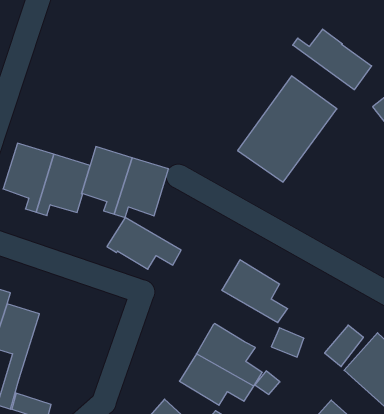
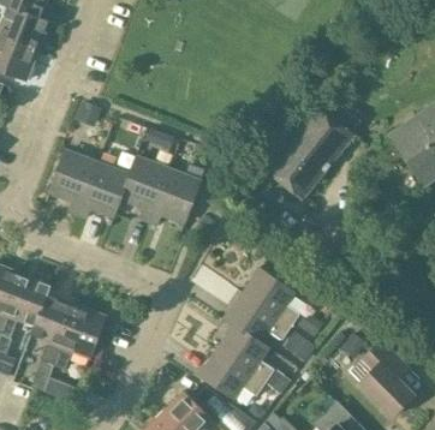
building: [293,29,372,90] -> none
building: [107,218,181,269] -> [224,294,291,342]
building: none -> [53,306,105,369]

